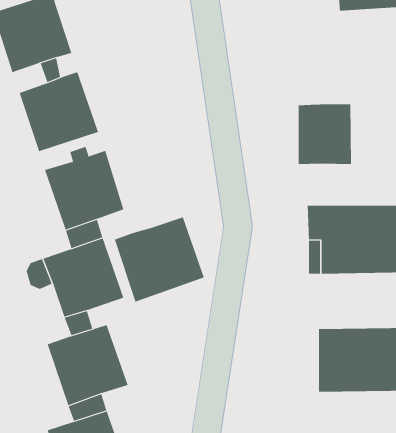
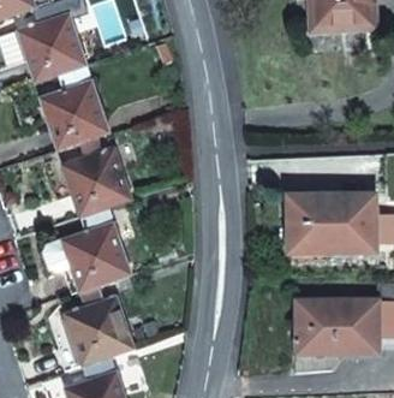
building: [298,104,351,165] -> none
building: [114,217,204,303] -> none

